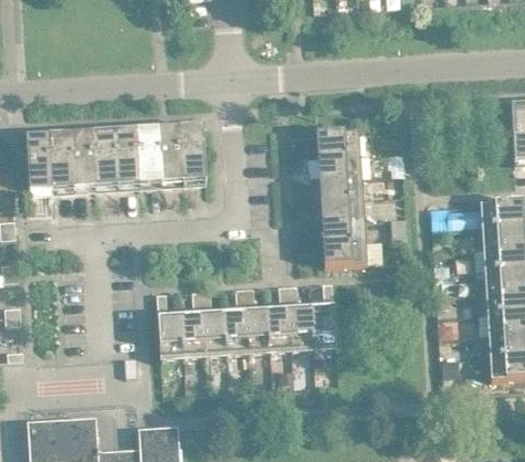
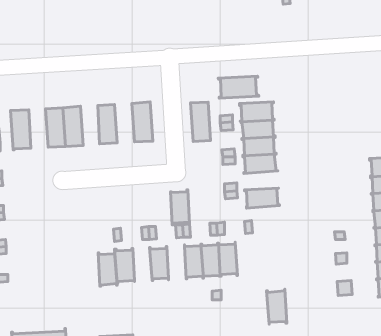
building: none -> [218,76,259,98]
building: [158,134,183,183] -> [191,102,211,141]
building: [115,136,139,187] -> none
building: [50,140,74,190] -> none
building: [322,219,366,243] -> none
building: [311,307,336,351] -> [267,289,287,324]
building: [224,313,249,357] -> [170,190,190,225]
building: [181,316,206,359] -> [98,252,117,286]

